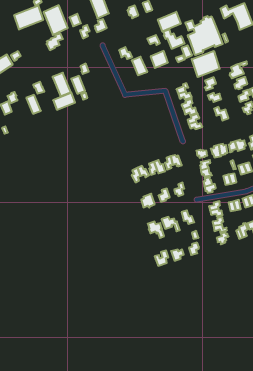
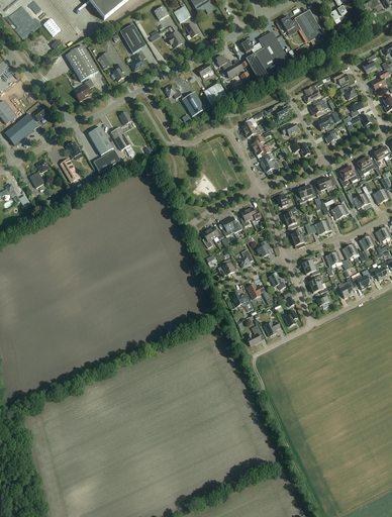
building: [14,5,43,30] -> none
building: [158,12,181,32] -> none
building: [192,51,220,77] -> none

